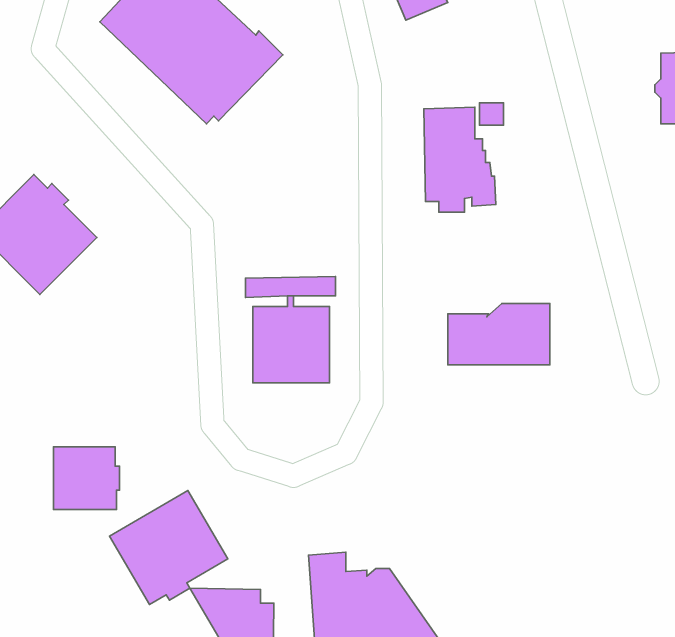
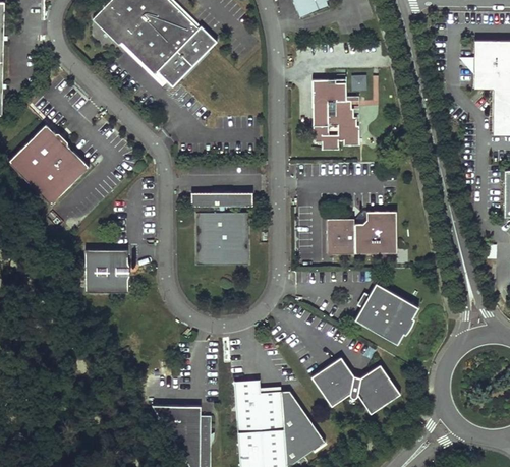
building: none -> [354,282,418,344]
building: [54,447,120,510] -> [86,248,130,291]
building: [110,491,228,604] -> none
building: none -> [310,359,399,416]

